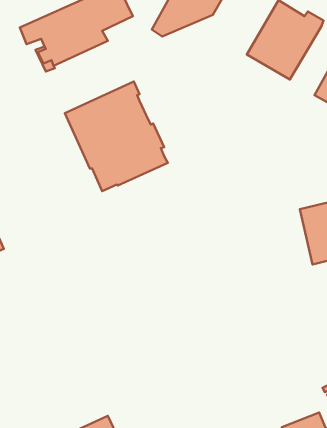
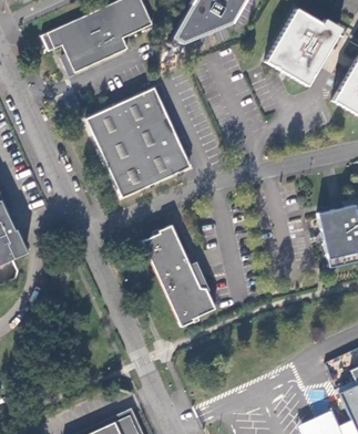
building: none -> [142,225,215,327]

